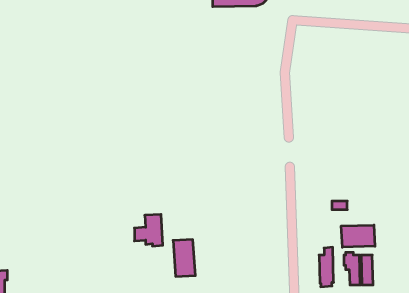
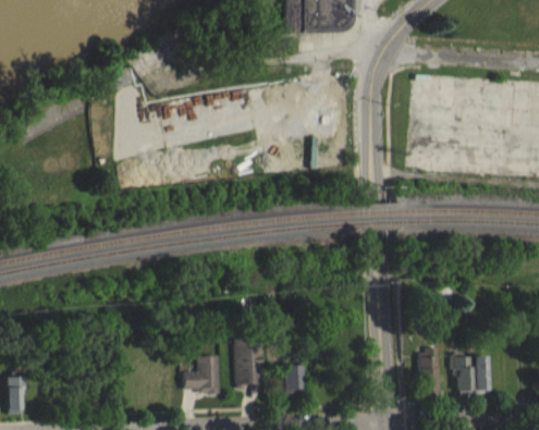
building: [134,214,163,246] -> [184,354,220,394]
building: [341,225,375,247] -> none
building: none -> [281,364,302,393]

